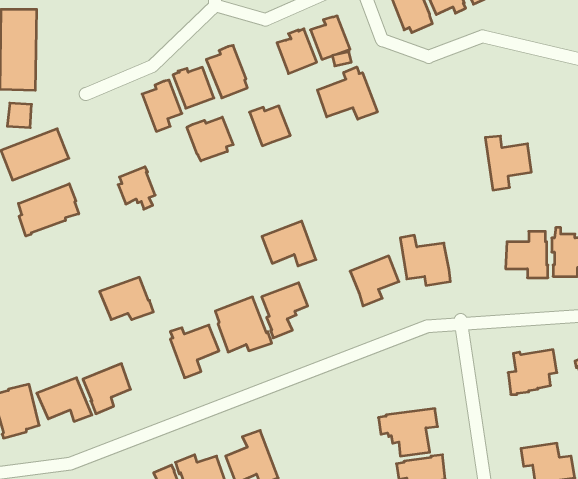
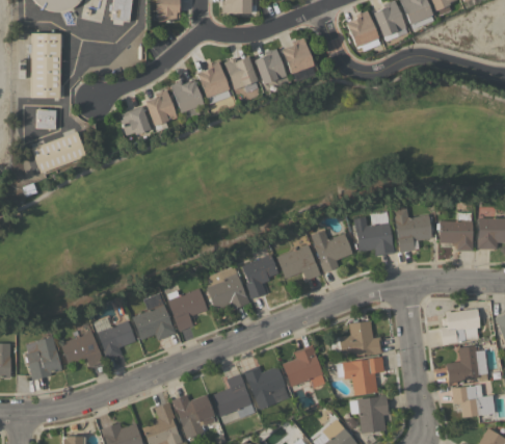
building: [317,67,377,119] -> none
building: [249,106,290,146] -> [224,57,258,89]
building: [187,117,233,161] -> none
building: [485,136,531,190] -> [395,209,432,253]
building: [118,167,155,209] -> [121,106,151,140]
building: [18,184,79,236] -> none
building: [262,221,316,266] -> [277,244,321,281]
building: [100,277,153,320] -> [133,306,177,340]
building: none -> [331,321,383,359]
building: none -> [284,345,326,388]
building: none -> [447,346,488,385]
building: none -> [244,366,289,409]

